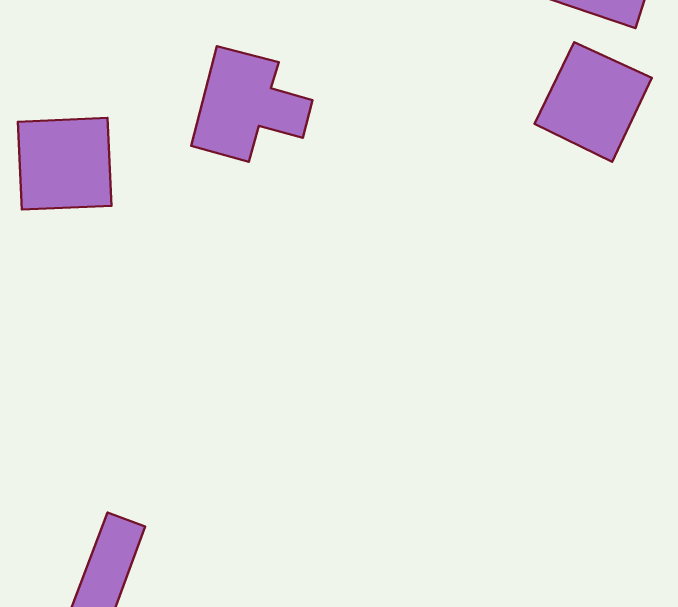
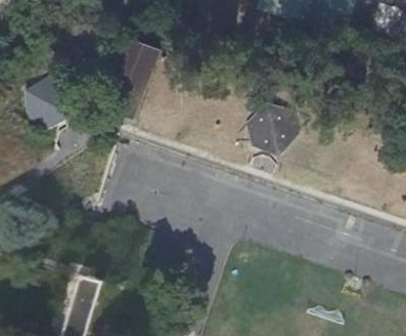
building: [534,42,652,162] -> [244,99,305,161]

